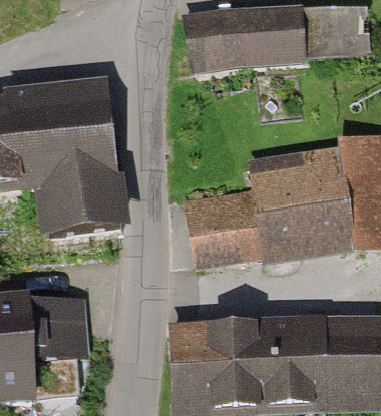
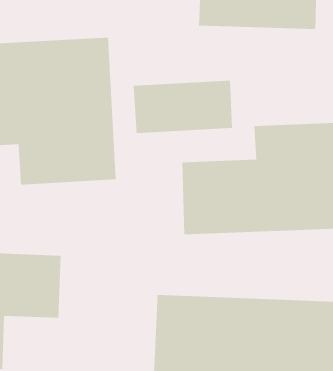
building: none -> [133,80,233,134]

